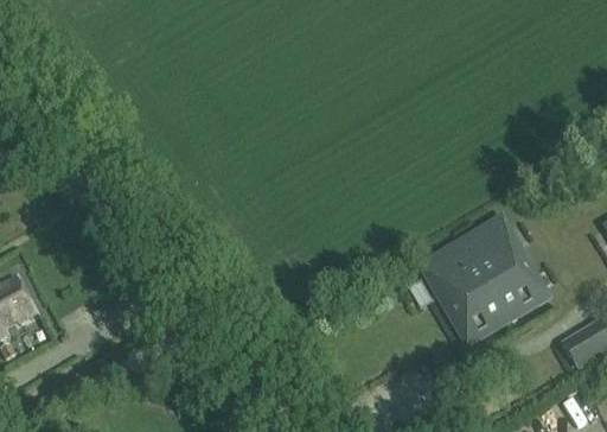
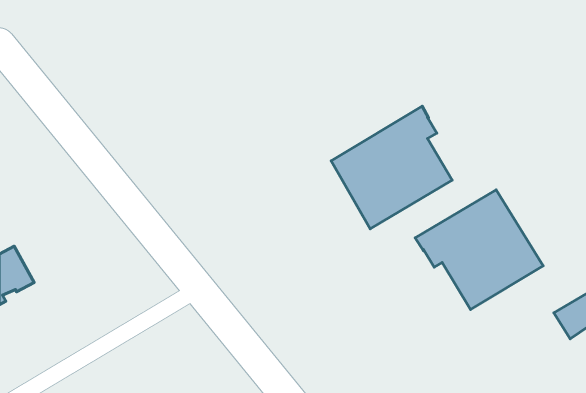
building: none -> [331,106,452,229]

